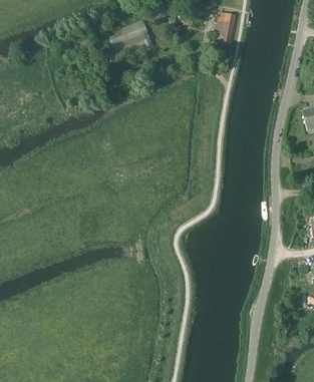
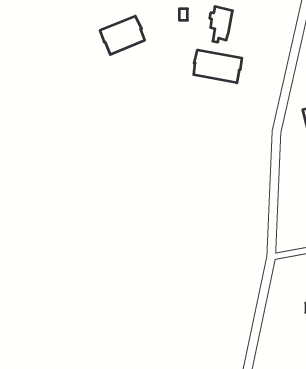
building: none -> [194,50,242,83]

